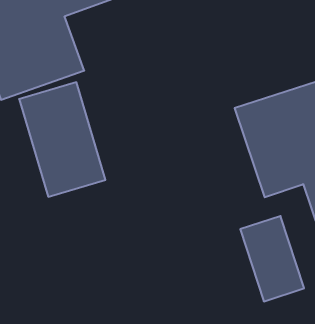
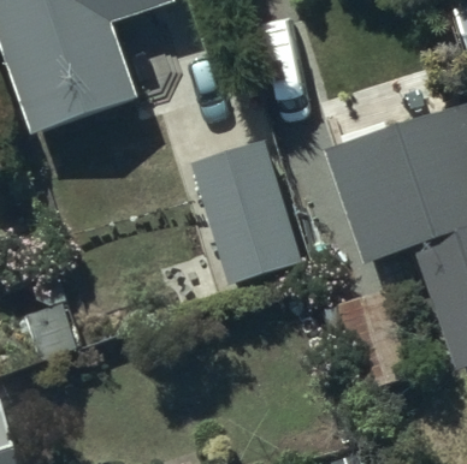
building: [19,82,105,197] -> [189,142,300,288]

